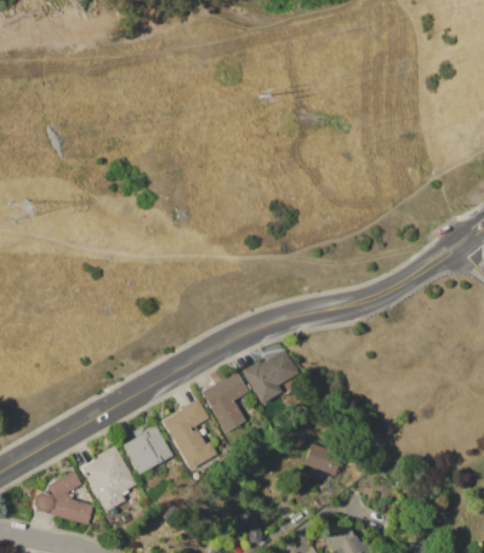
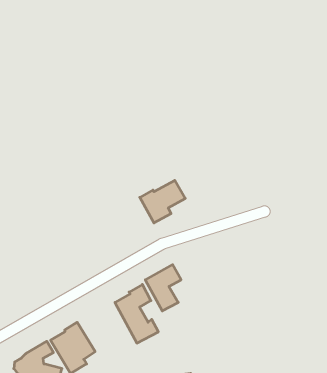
building: [240,350,298,405] -> [140,180,185,223]
building: [121,426,173,477] -> none
building: [306,444,343,477] -> none

